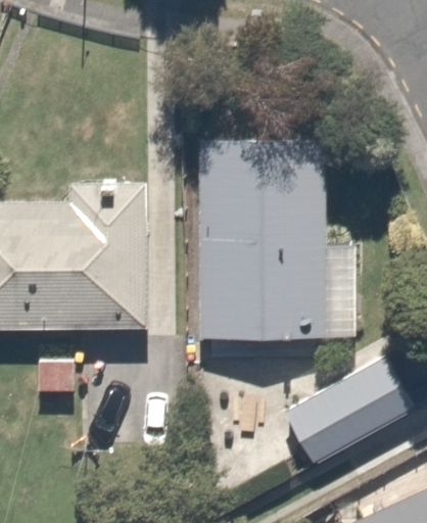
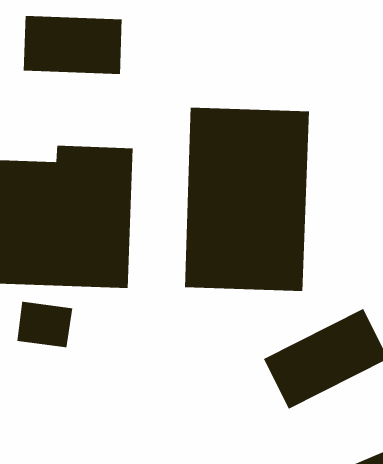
building: none -> [23,15,122,75]

